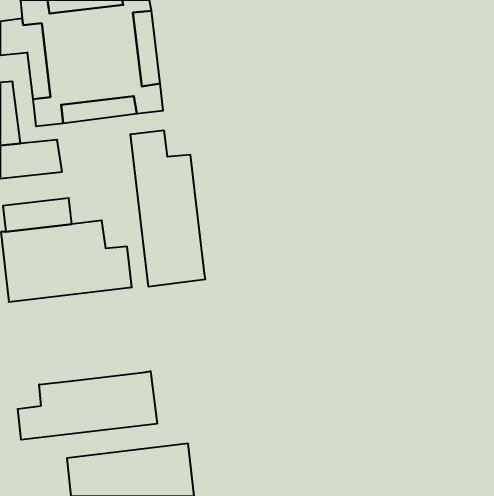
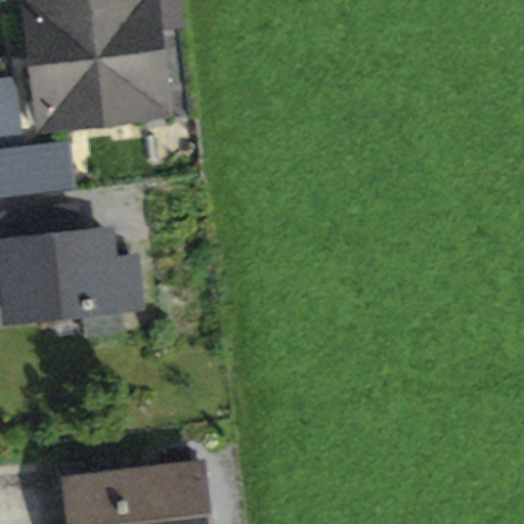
building: [131,130,205,287] -> none
building: [18,371,157,440] -> none

